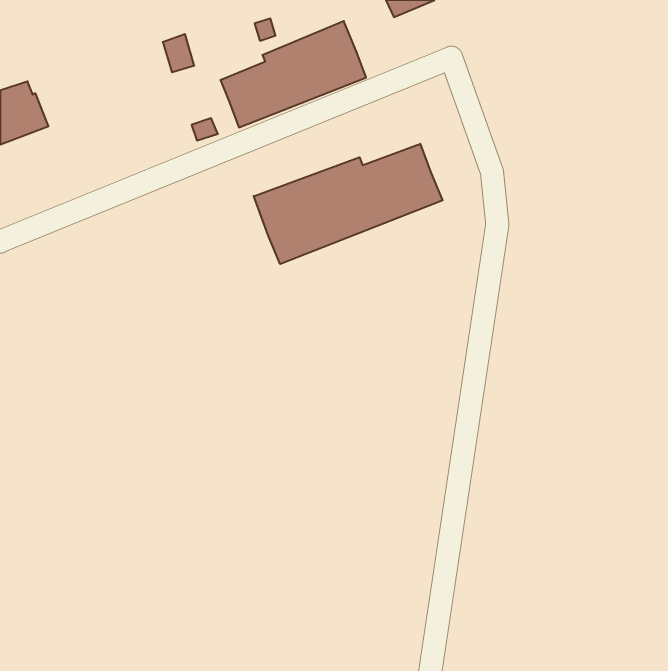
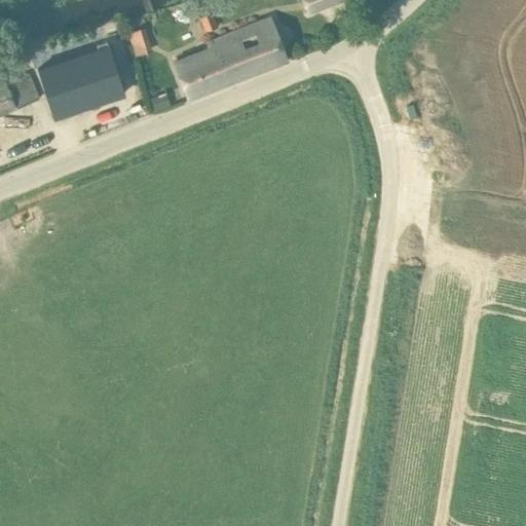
building: none -> [39,46,125,117]
building: [254,144,443,264] -> none

